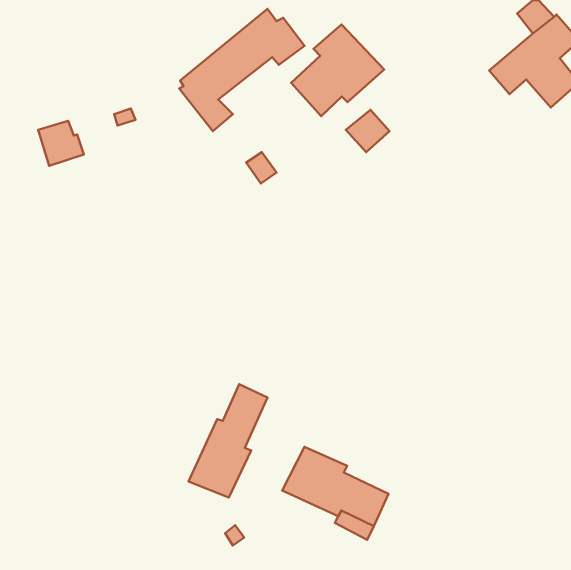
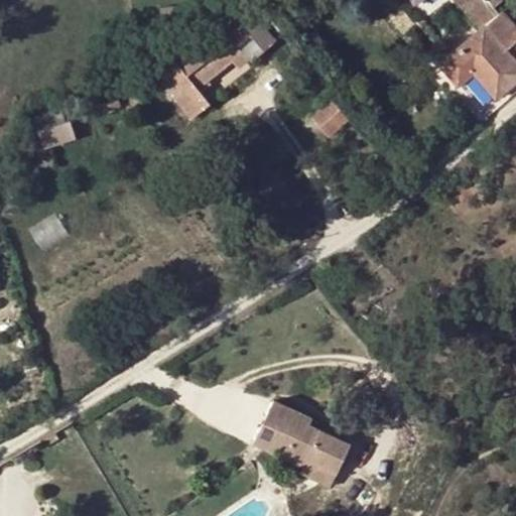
building: [291,25,384,116] -> none
building: [189,384,267,497] -> none

